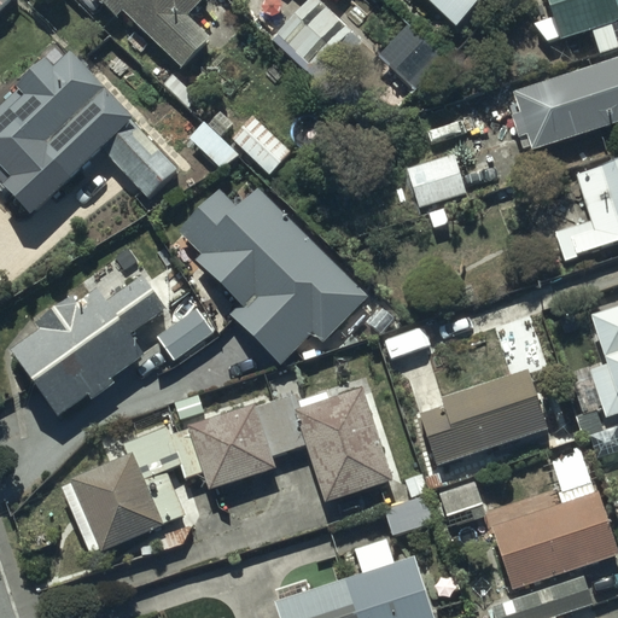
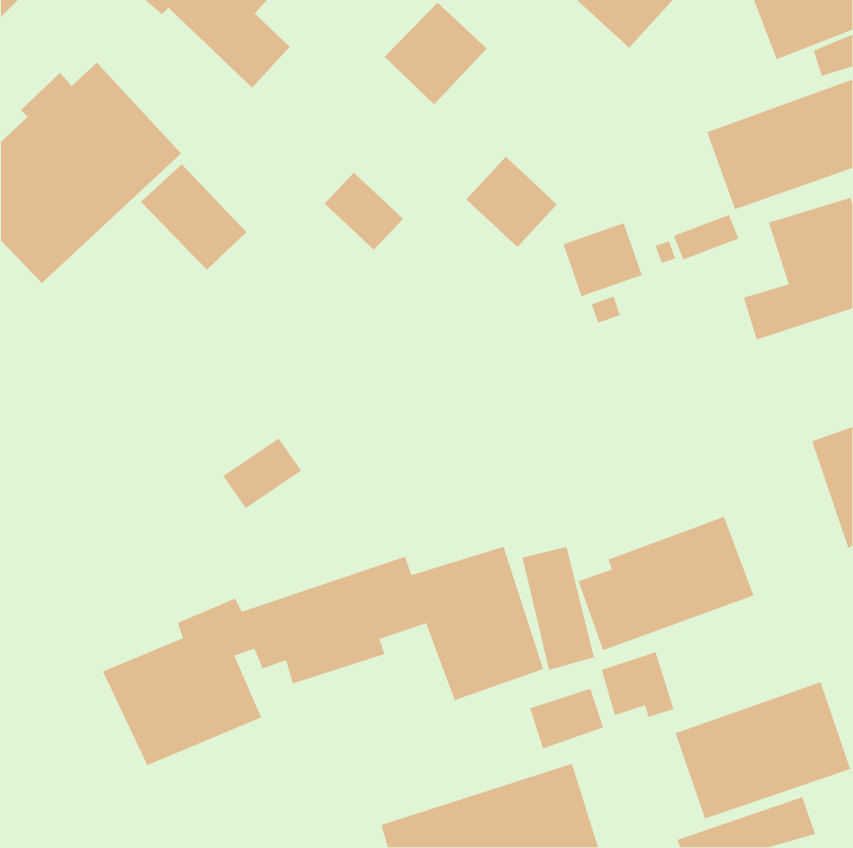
building: [377,22,443,88] -> [466,156,557,248]
building: [181,177,373,360] -> none
building: [11,272,165,408] -> none
building: none -> [522,546,595,671]

